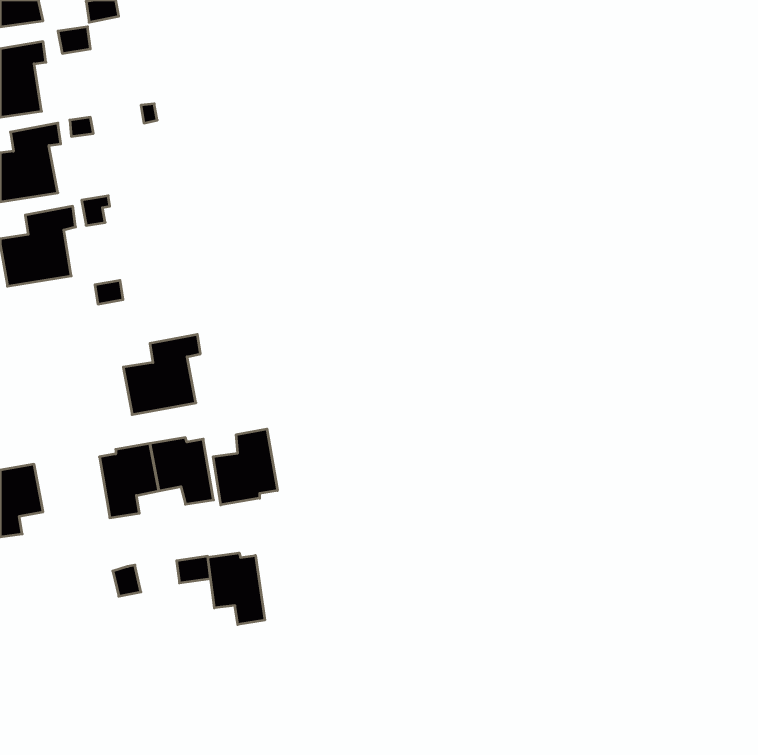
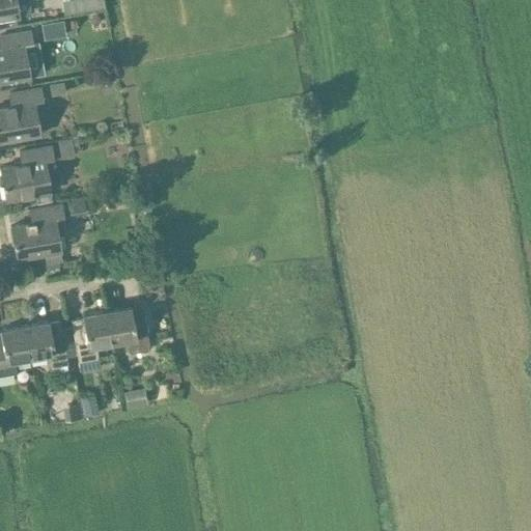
building: [123,334,200,415] -> [9,205,63,261]
building: [213,429,277,505] -> none
building: none -> [24,323,67,369]
building: [208,553,265,625] -> none

